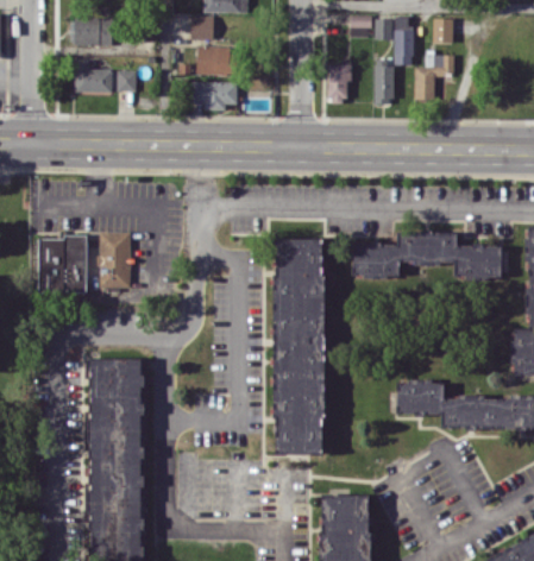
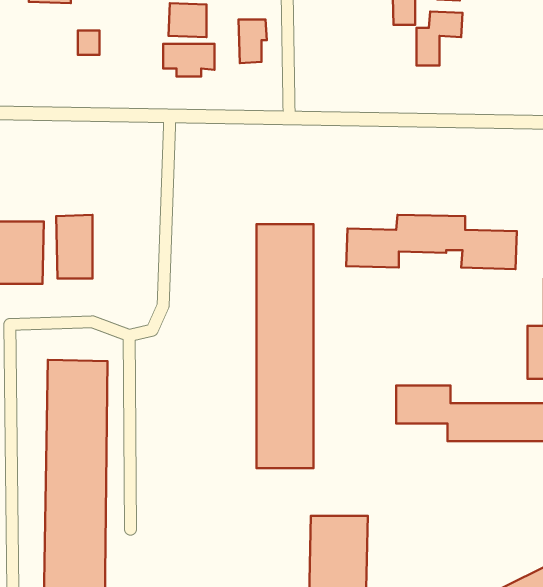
building: [375,59,395,103] -> none
building: [75,61,112,93] -> none
building: [328,64,353,102] -> [238,20,267,63]

